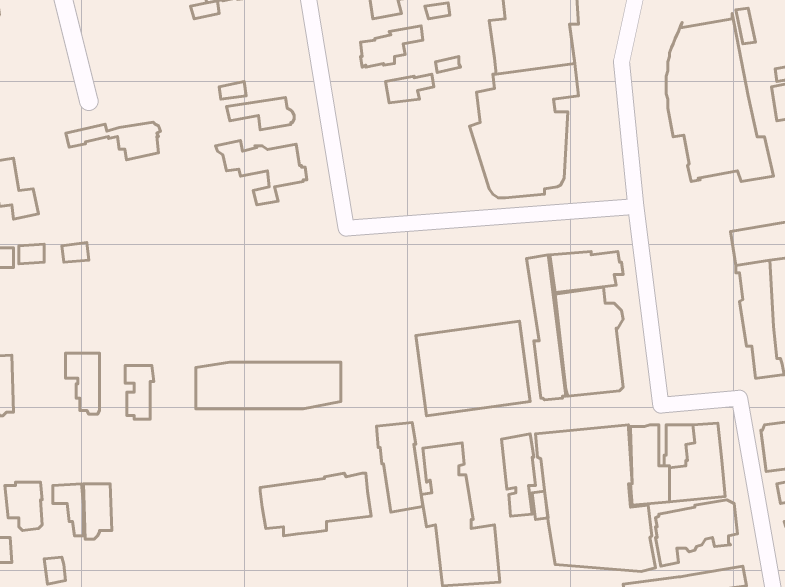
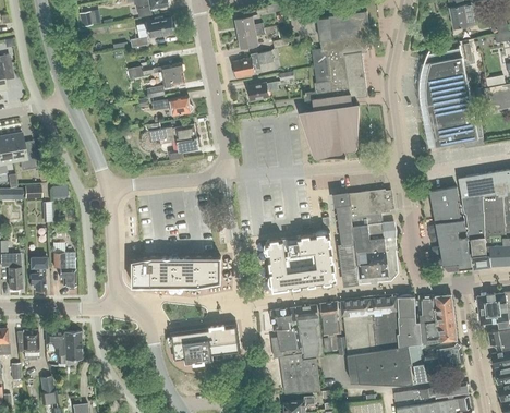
building: [66,122,160,160] -> [127,63,185,86]
building: none -> [430,185,473,270]
building: [125,365,154,419] -> [29,257,47,290]
building: [376,423,423,512] -> [295,304,324,359]

